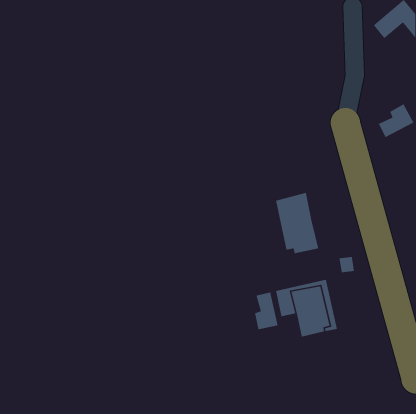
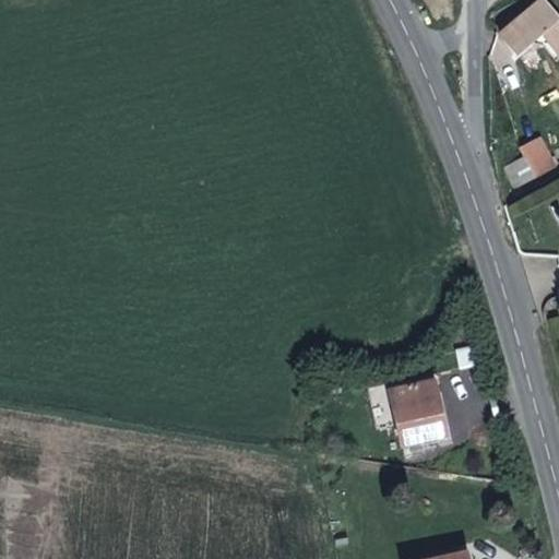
building: [275,192,319,254] -> none
building: [254,291,279,330] -> none

